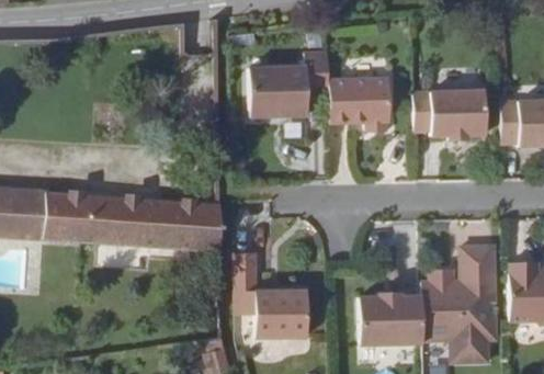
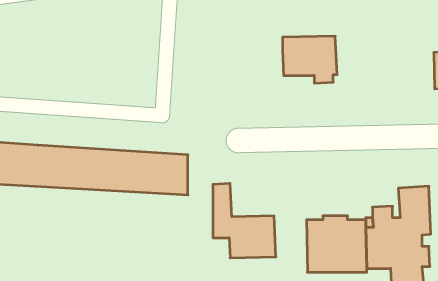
building: [247,47,328,113] -> none
building: [415,83,486,128] -> none

